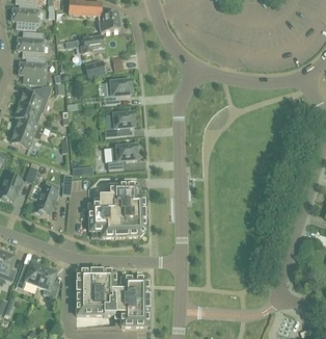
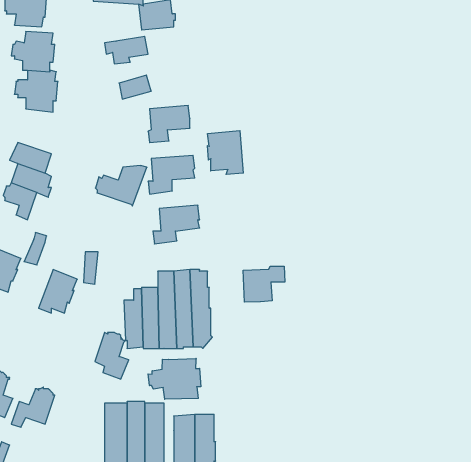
building: [19,86,52,112] -> [95,166,147,206]
building: none -> [207,131,243,174]
building: none -> [243,266,285,302]
building: none -> [148,358,201,399]
building: [37,267,59,297] -> [95,332,129,379]

